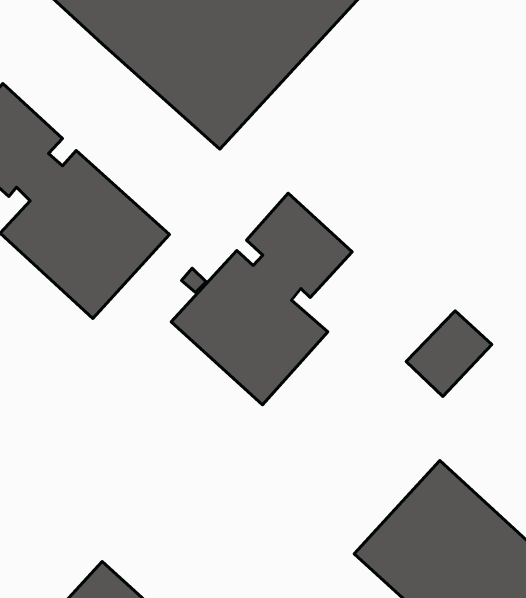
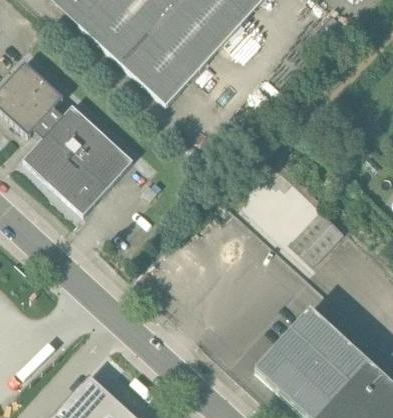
building: [171,193,352,405] -> none

